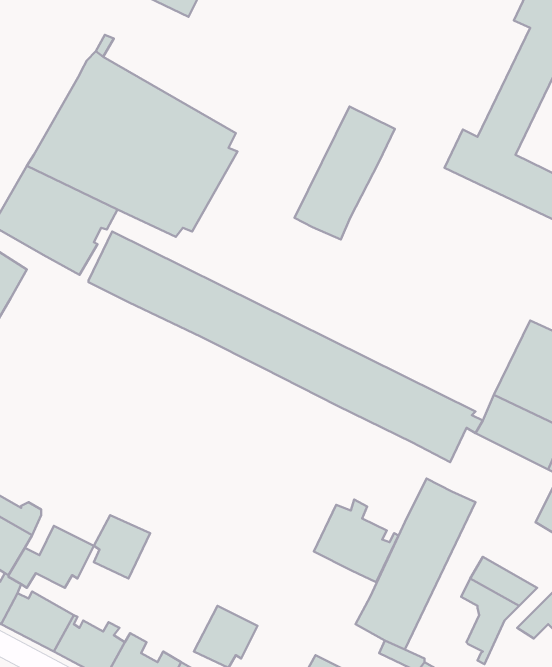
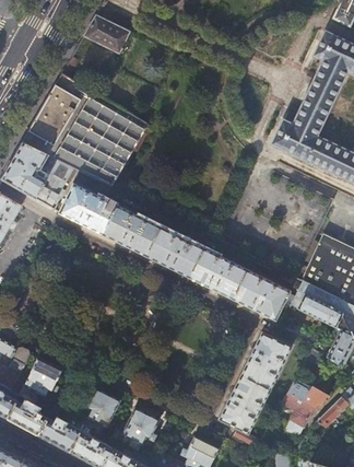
building: [294,106,395,239] -> none
building: [314,500,399,582] -> none
building: [94,515,150,579] -> [86,388,120,427]

